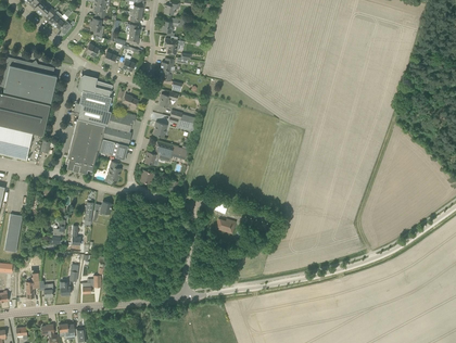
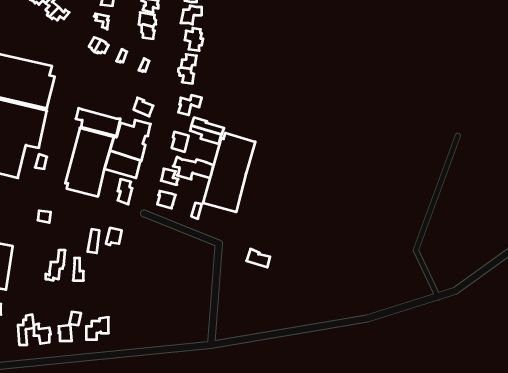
building: [78,75,112,111] -> none
building: none -> [203,133,255,212]

